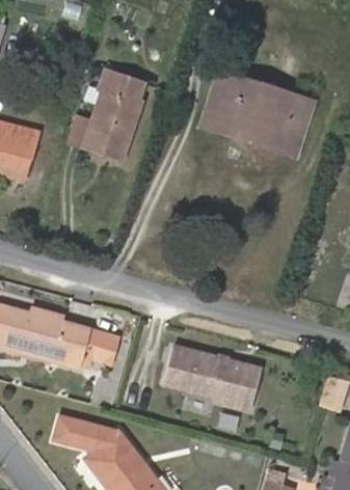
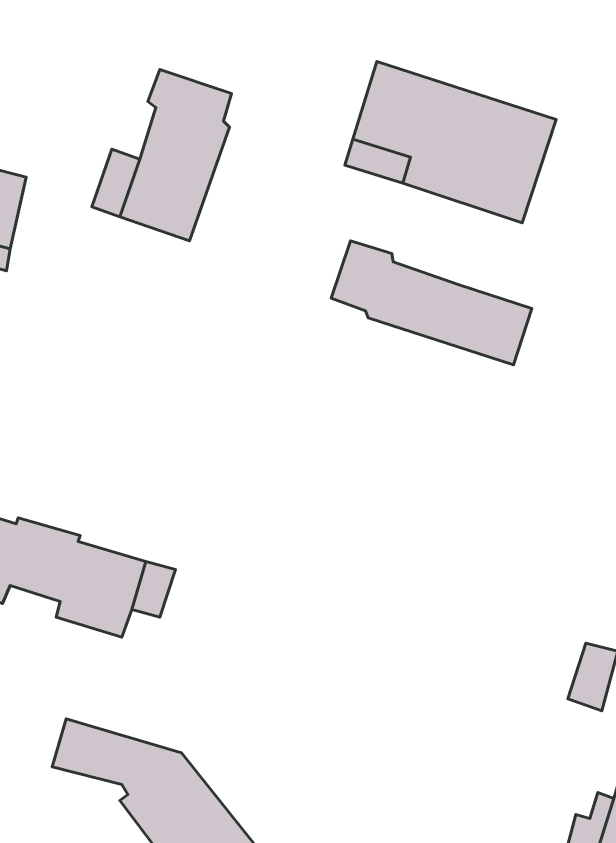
building: none -> [331,241,532,365]
building: [166,347,263,409] -> none

